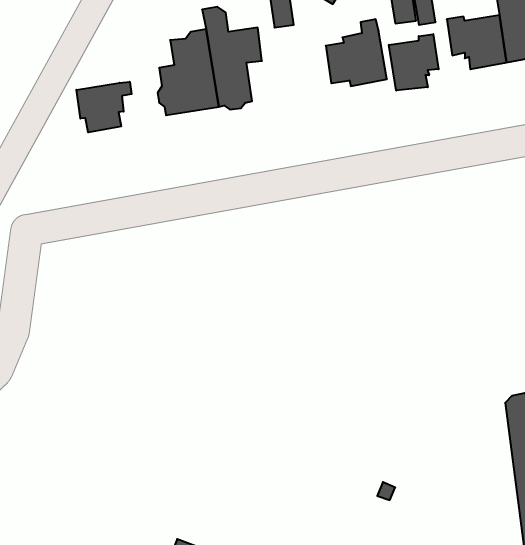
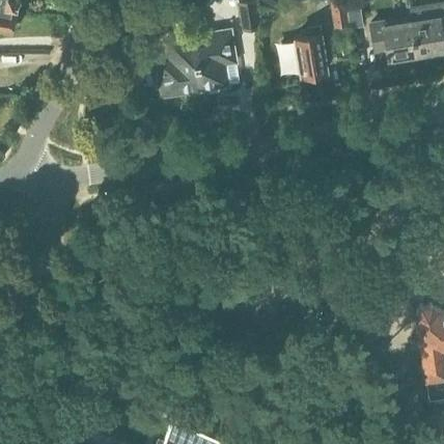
building: [389,34,439,91] -> none
building: [76,82,132,132] -> none

